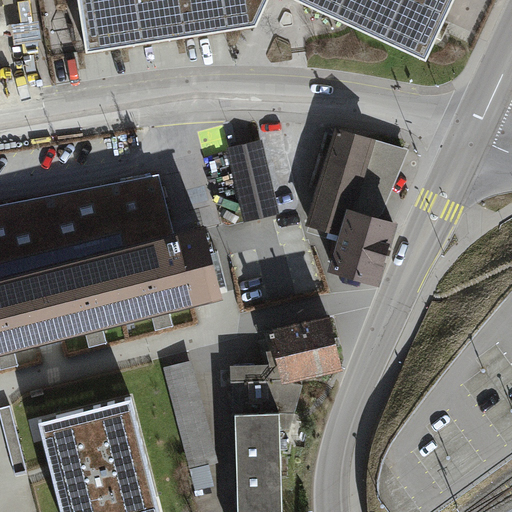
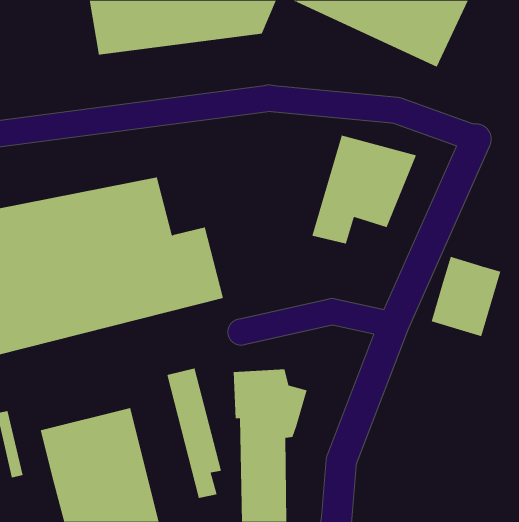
building: [224,139,278,222] -> none
building: [328,213,397,292] -> [431,256,501,337]
building: [270,312,342,377] -> none

